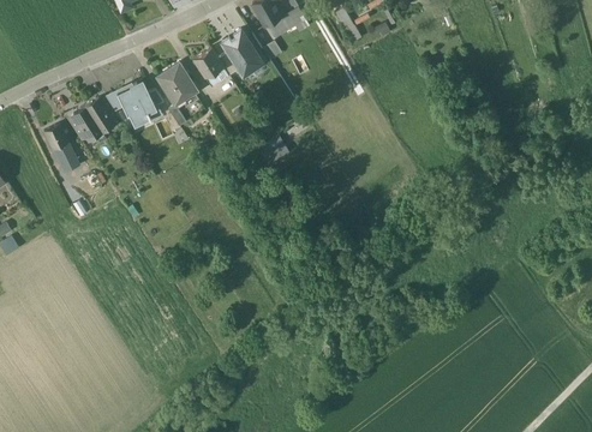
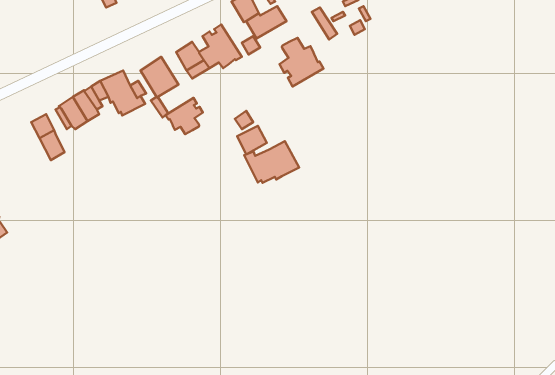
building: none -> [279,38,324,86]
building: none -> [165,98,203,134]
building: none -> [244,141,299,183]

